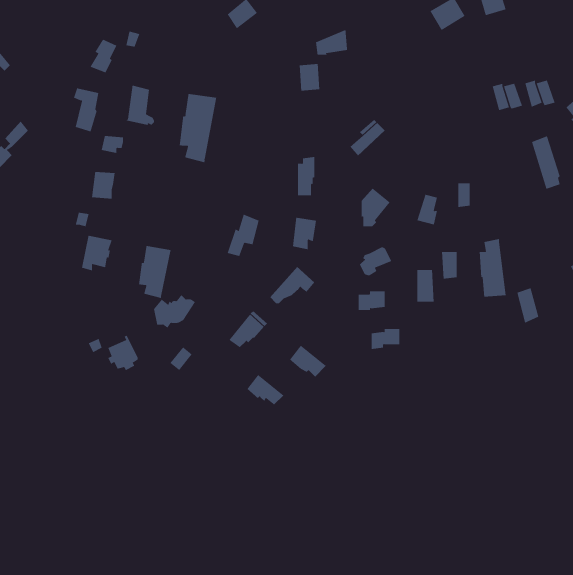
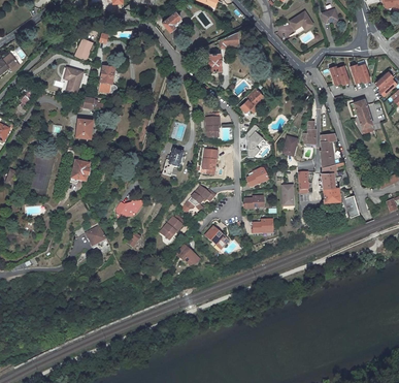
building: [179,93,217,163] -> none
building: none -> [320,132,336,165]
building: [139,245,171,299] -> none

